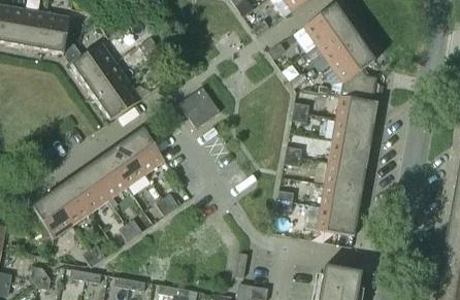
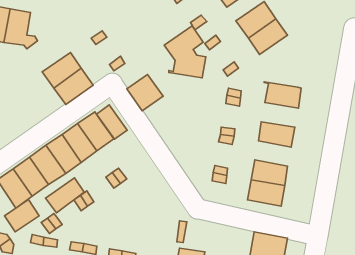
building: [66,41,116,82] -> none
building: [330,41,377,100] -> [164,26,206,78]
building: [332,118,374,145] -> none
building: none -> [97,105,127,139]
building: [325,161,366,190] -> none
building: none -> [46,178,84,213]
building: none -> [5,200,39,232]

